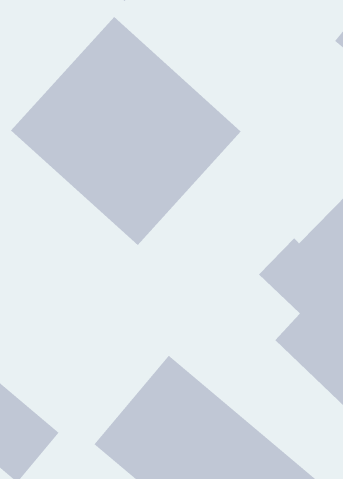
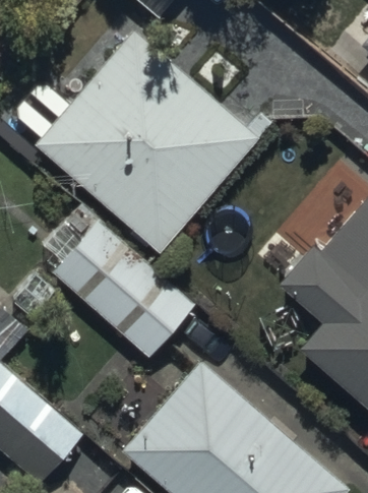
building: none -> [55,221,197,360]

